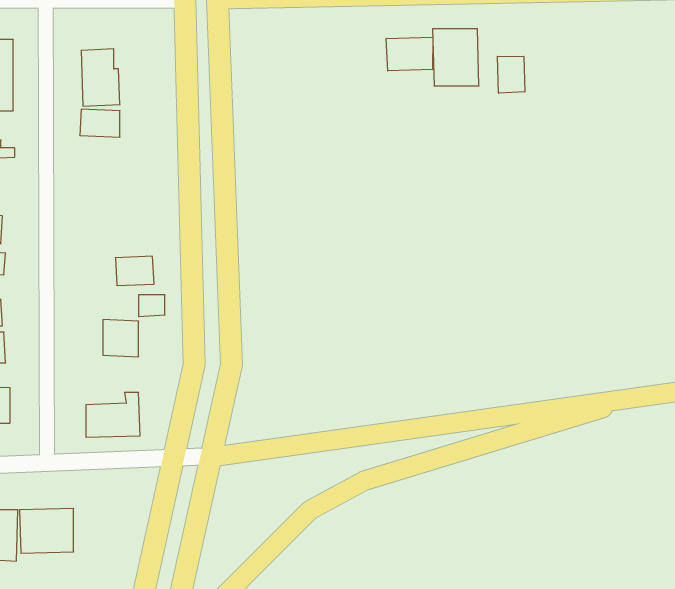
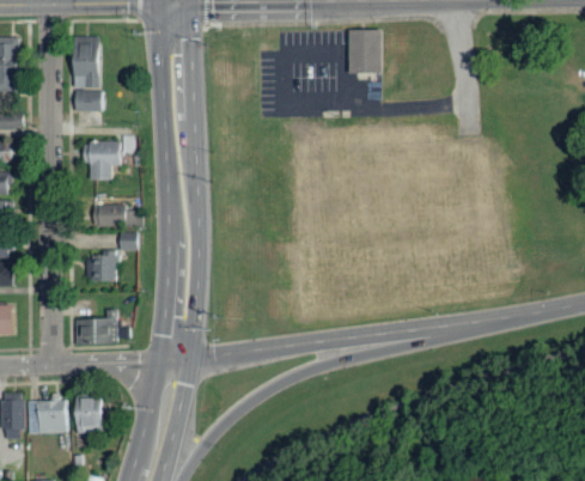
building: [386,37,433,71] -> none
building: [498,56,525,93] -> none
building: none -> [89,135,135,178]
building: none -> [75,397,110,431]

